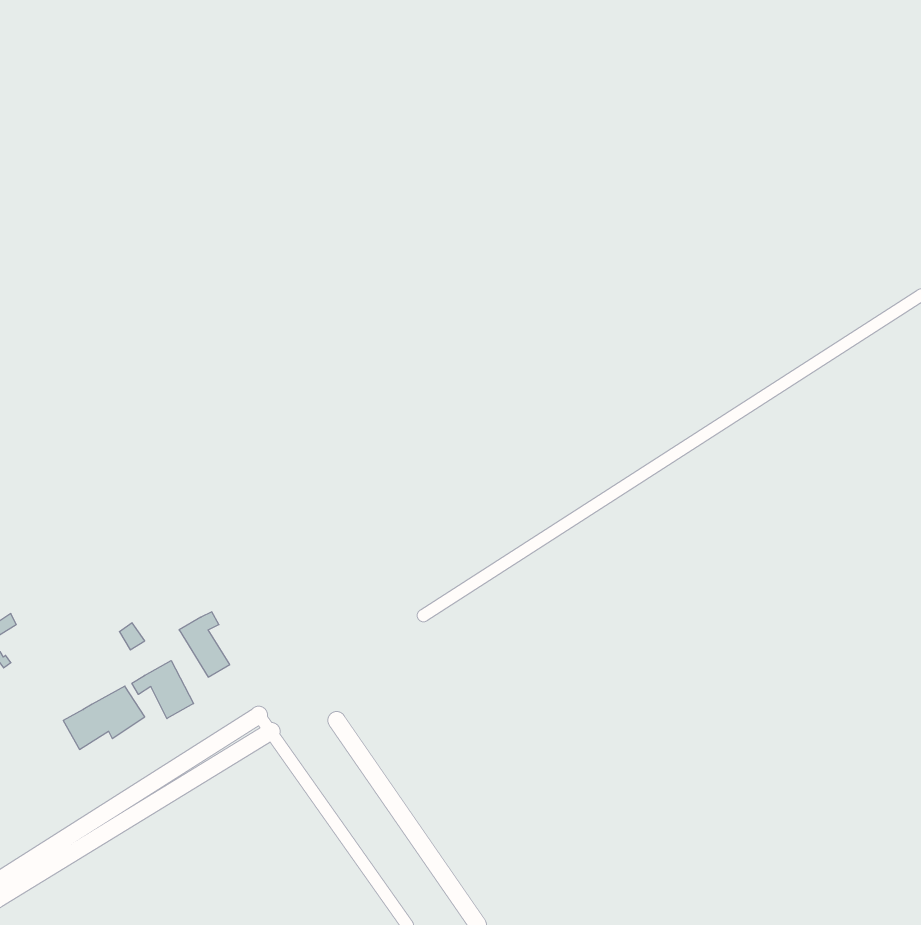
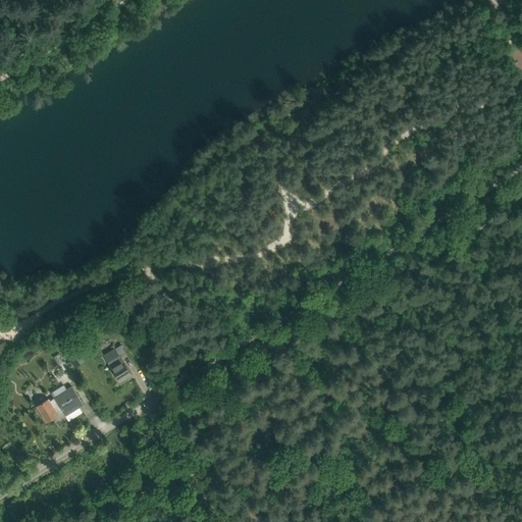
building: [132,661,194,719] -> none

